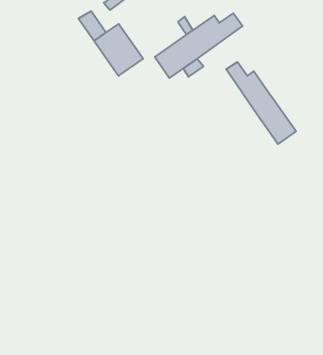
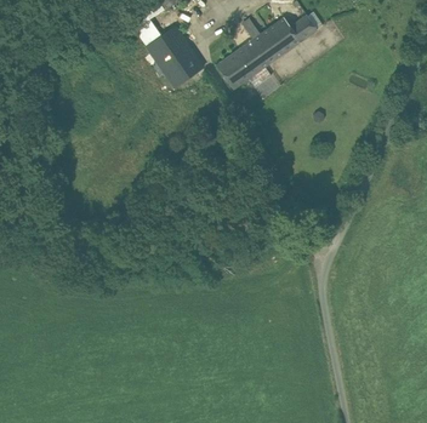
building: [226,62,296,144] -> none

